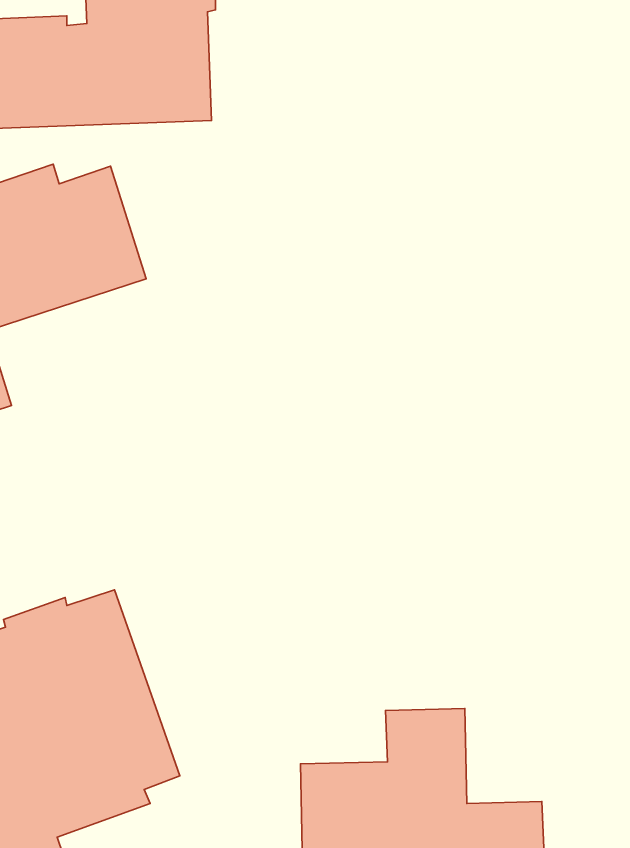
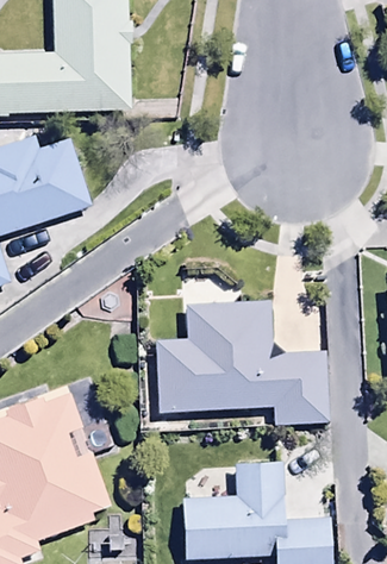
building: none -> [156,301,329,425]

